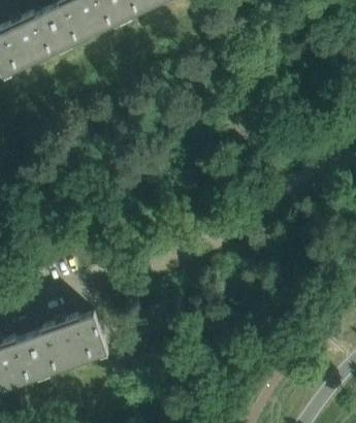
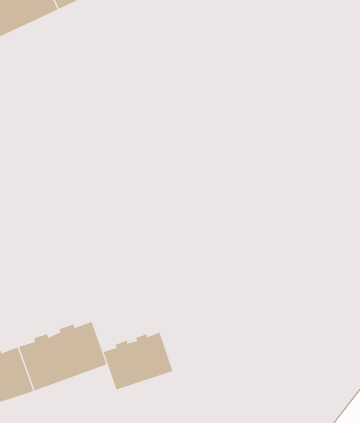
building: none -> [103,332,173,395]

